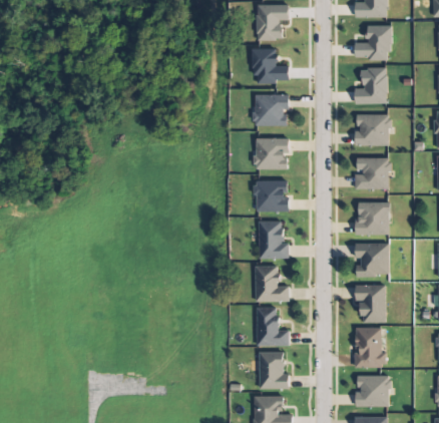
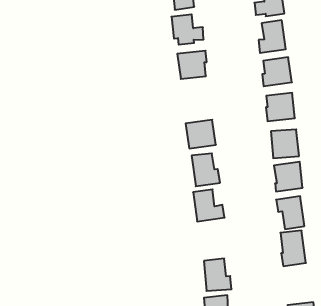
building: [255,137,289,169] -> none
building: [256,307,289,346] -> none
building: [356,375,390,406] -> none

